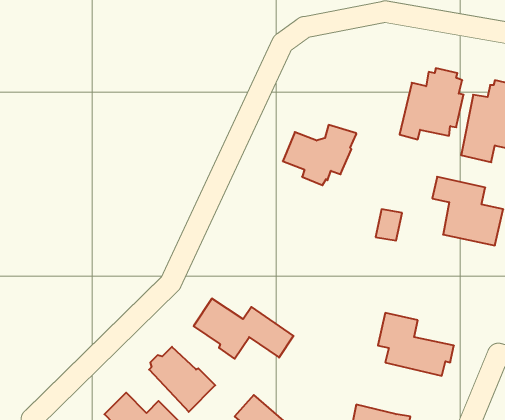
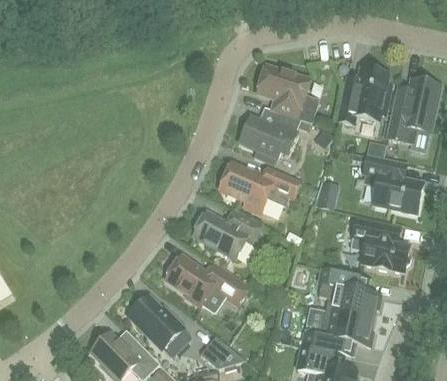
building: none -> [257,64,318,123]
building: none -> [220,162,301,211]
building: none -> [194,210,261,257]
building: none -> [350,217,410,271]
building: none -> [301,308,373,351]

